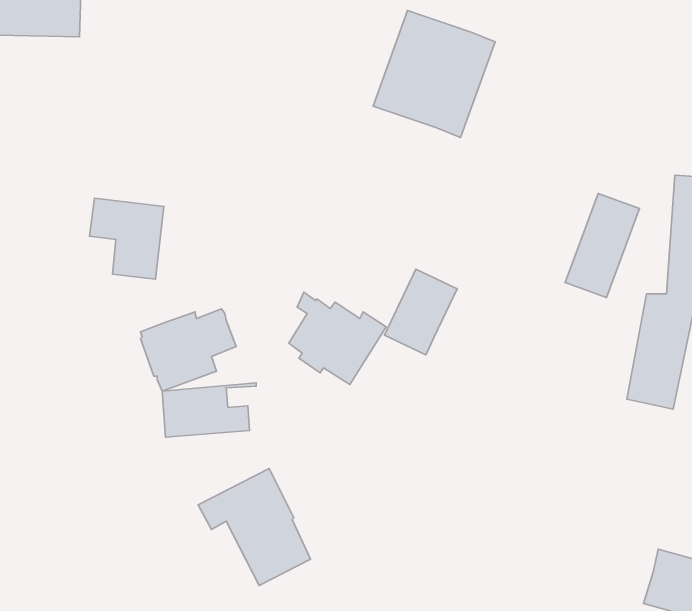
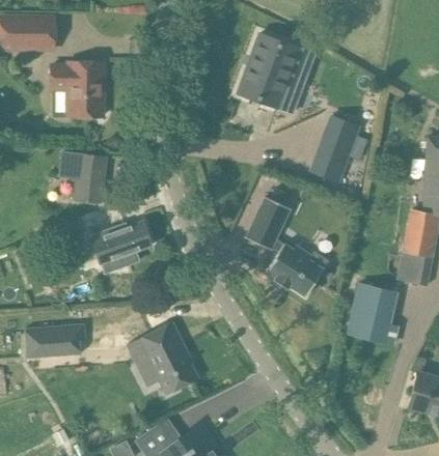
building: none -> [51,62,103,116]
building: [565,194,639,297] -> [311,116,358,181]
building: [289,292,386,384] -> [267,238,328,296]
building: [162,383,256,437] -> [25,323,84,358]
building: none -> [348,283,397,344]

